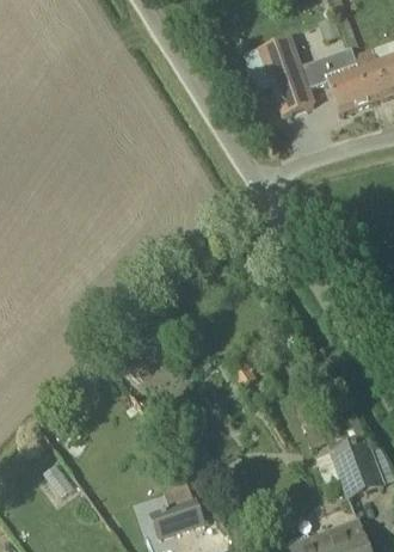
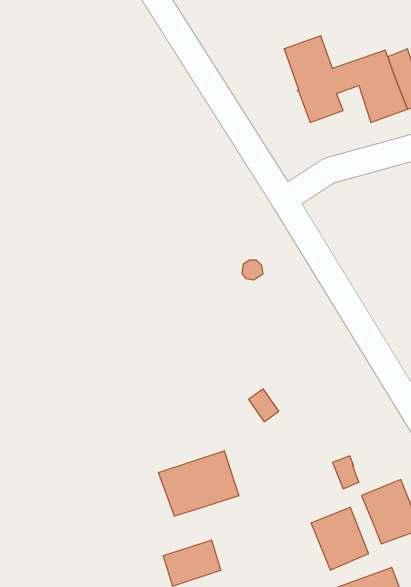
building: none -> [159,451,239,516]
building: none -> [311,507,368,570]

